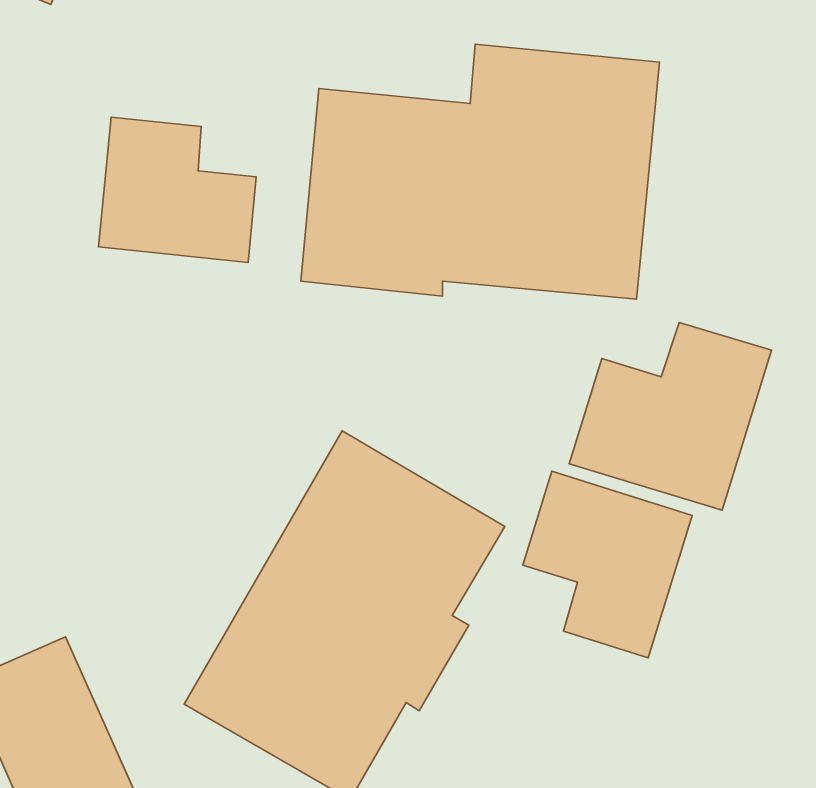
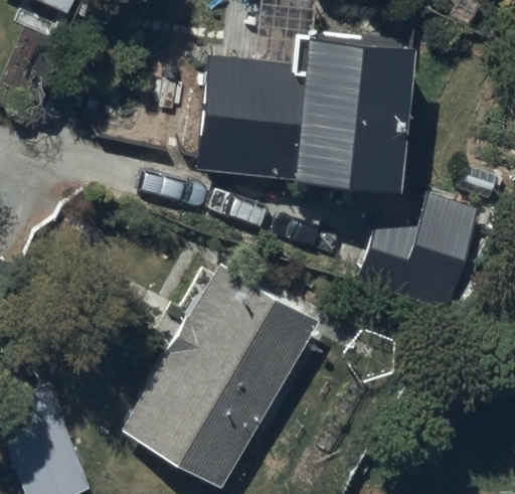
building: [98,117,256,262] -> none
building: [523,471,692,658] -> none

